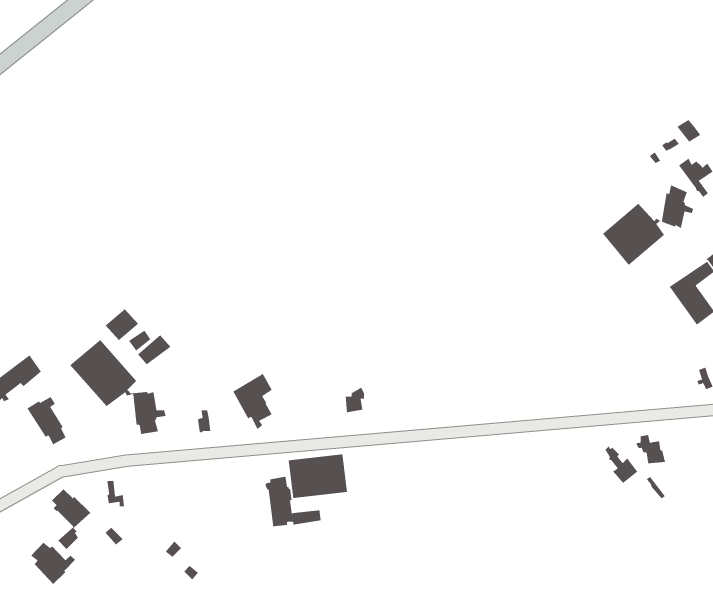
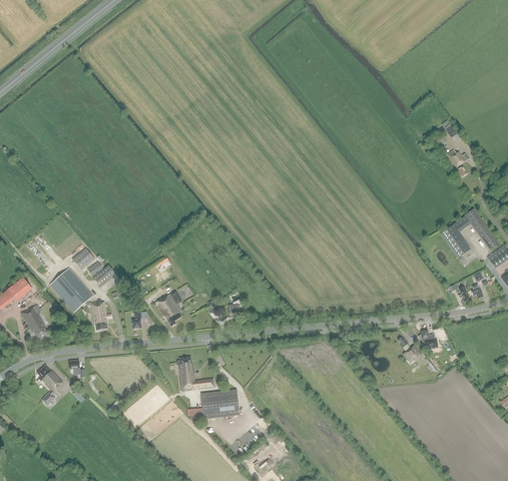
building: [602,185,694,266] -> none
building: [288,454,348,498] -> [200,389,239,418]
building: [30,542,76,585] -> none

